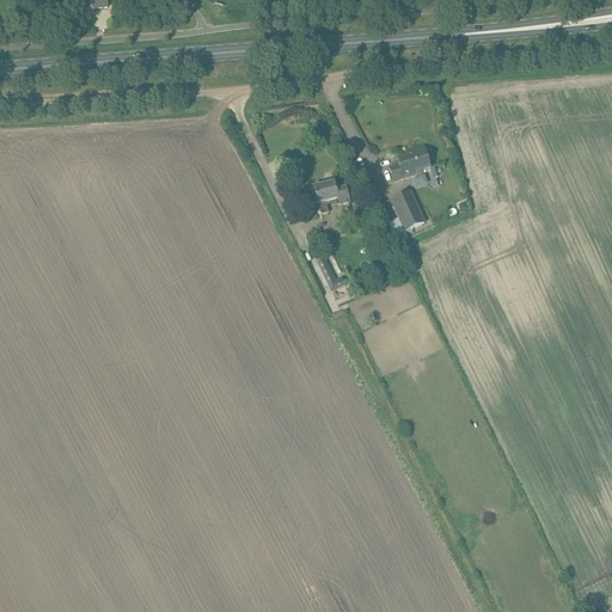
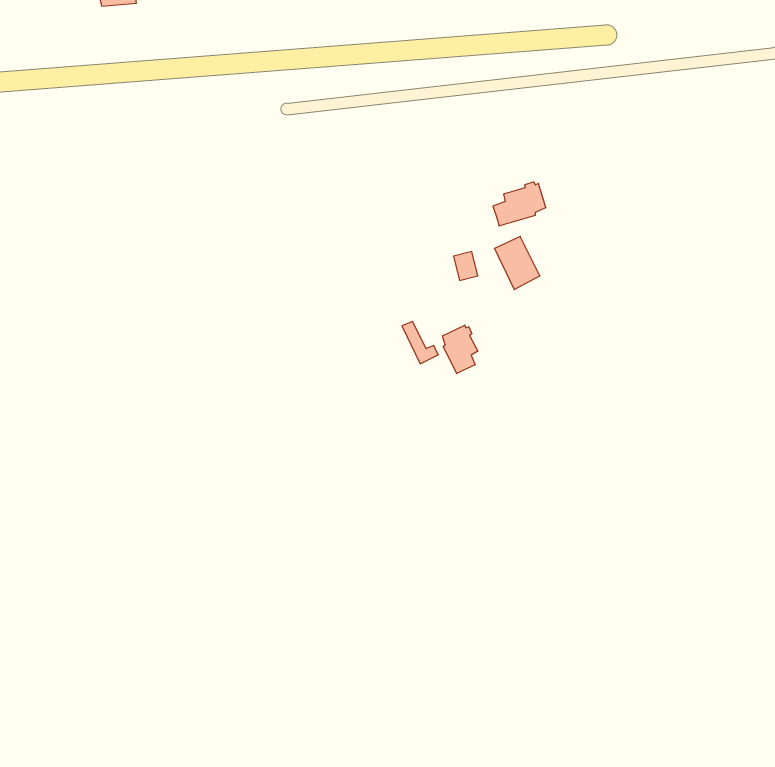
building: [313,177,350,209] -> none
building: none -> [442,325,478,374]

